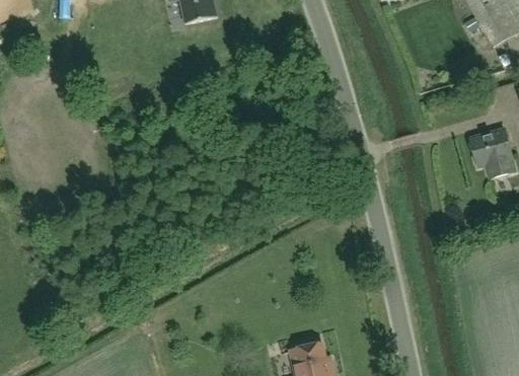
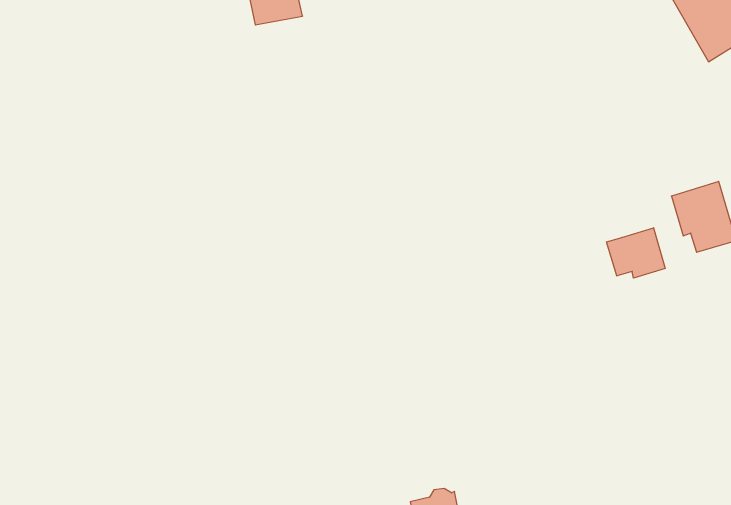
building: none -> [607,228,665,278]

